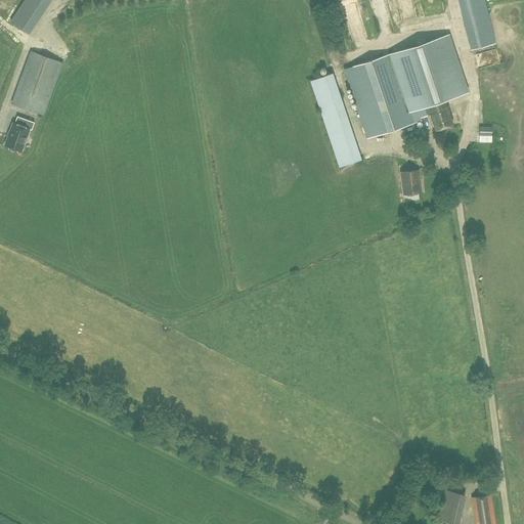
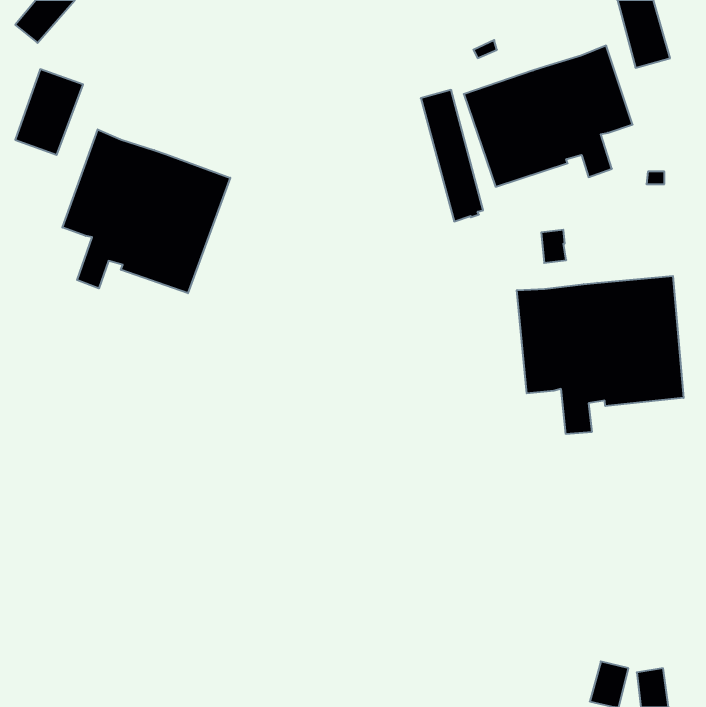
building: none -> [62,129,230,293]
building: [4,118,33,151] -> none
building: none -> [517,276,684,434]

